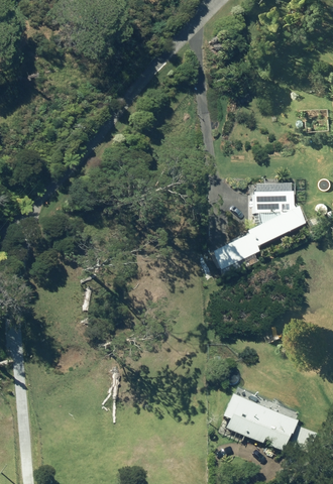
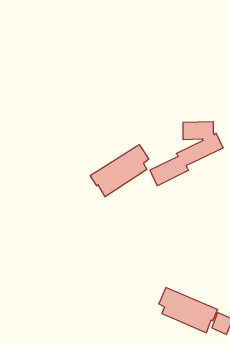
building: none -> [90,145,149,197]

